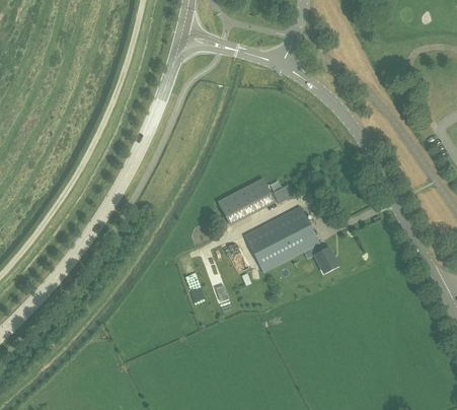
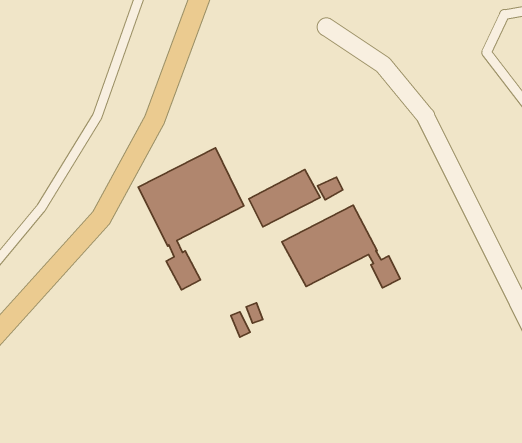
building: none -> [138,148,244,290]

